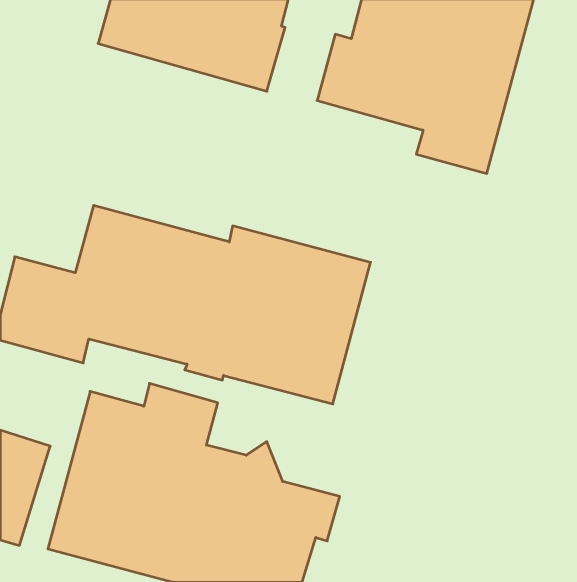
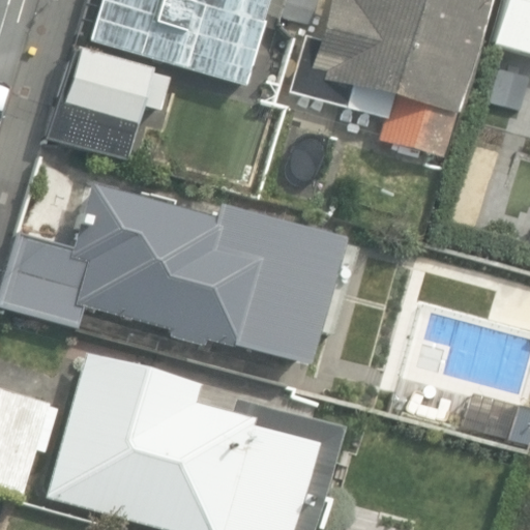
building: none -> [50,50,170,160]

